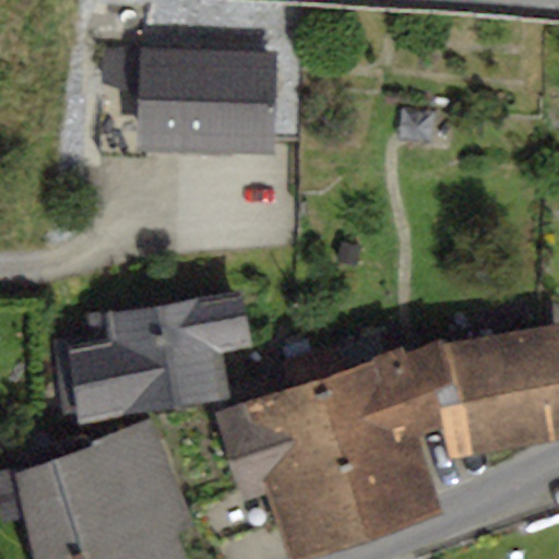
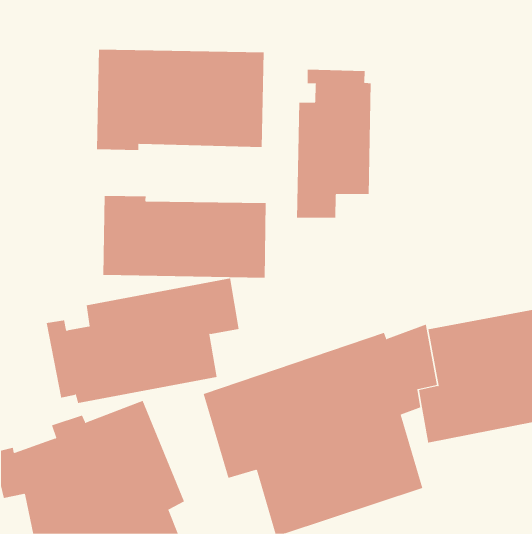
building: none -> [297,69,371,218]
building: none -> [103,195,266,279]

